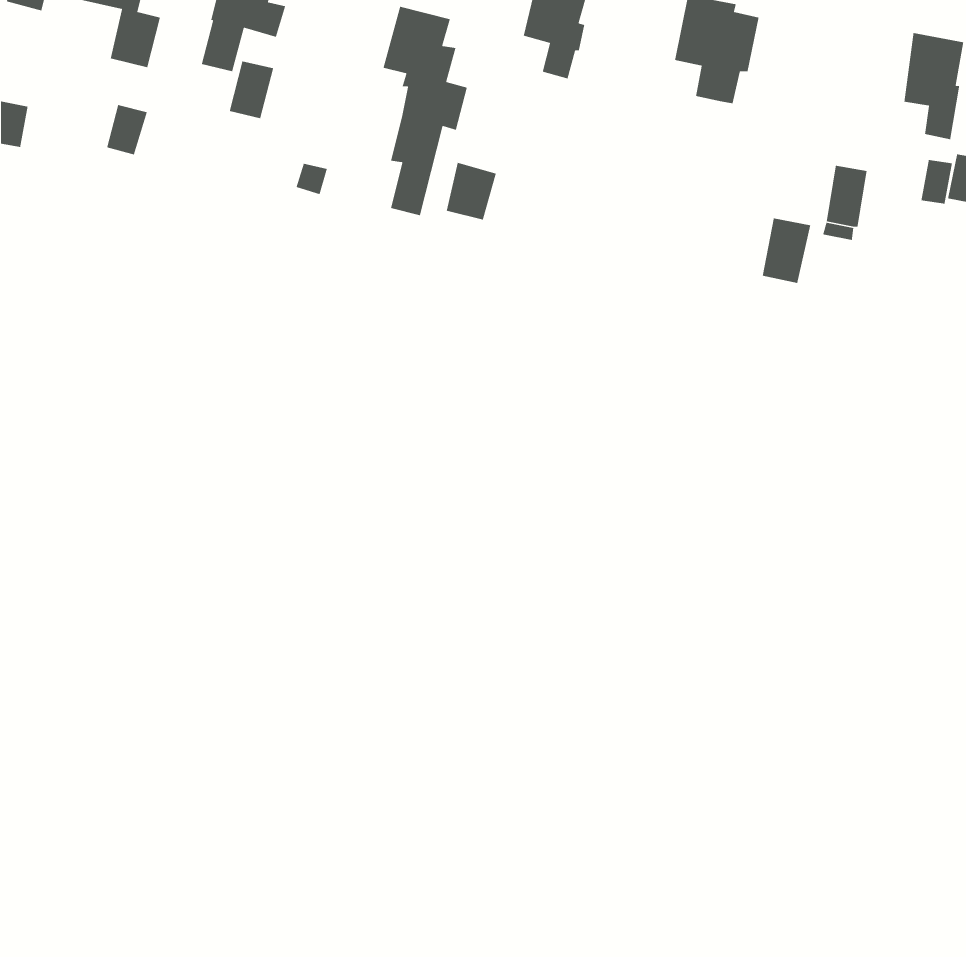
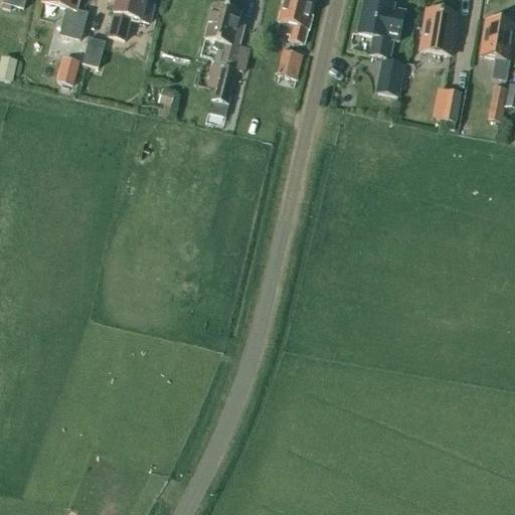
building: none -> [419,7,457,53]
building: [229,60,274,119] -> [81,35,106,66]
building: [446,162,497,221] -> [277,46,304,77]
building: [762,217,811,284] -> [378,59,404,95]

